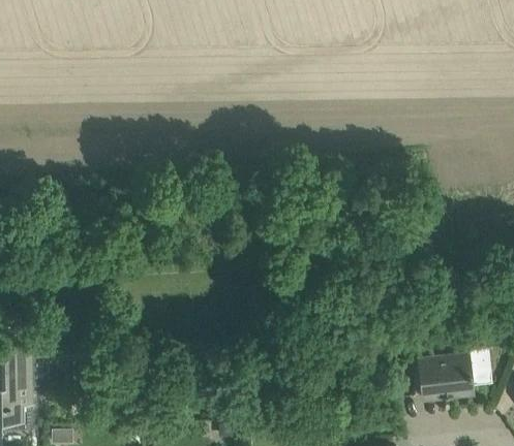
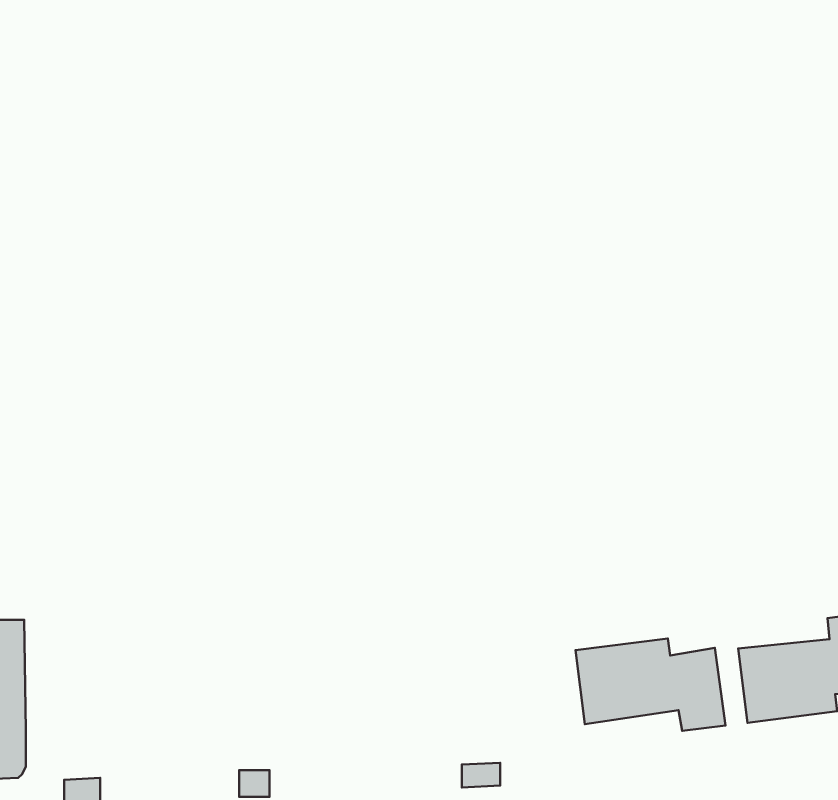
building: none -> [575,638,725,731]

